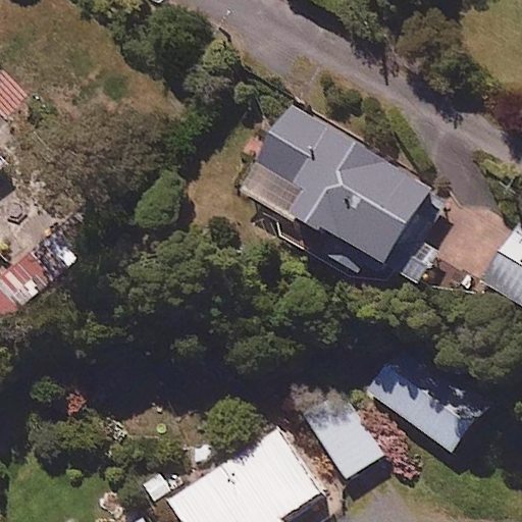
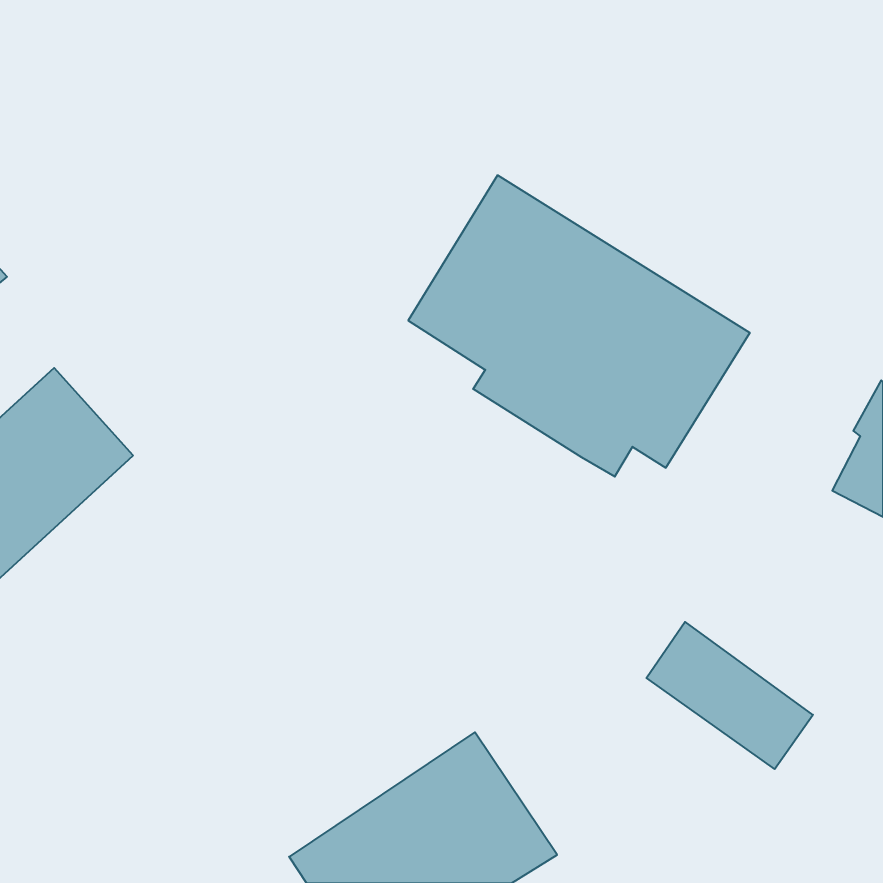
building: [300,385,380,476] -> none

